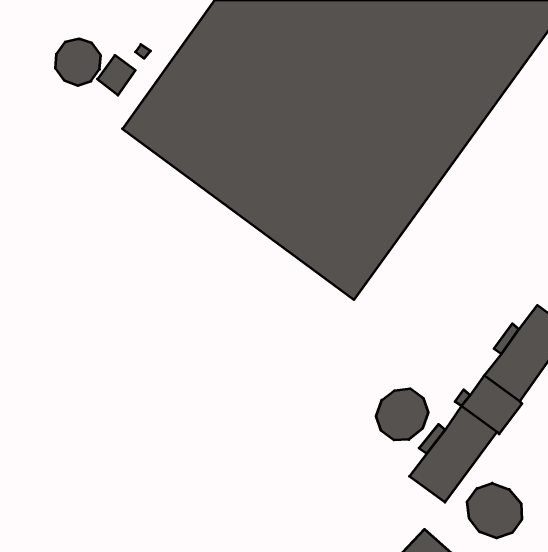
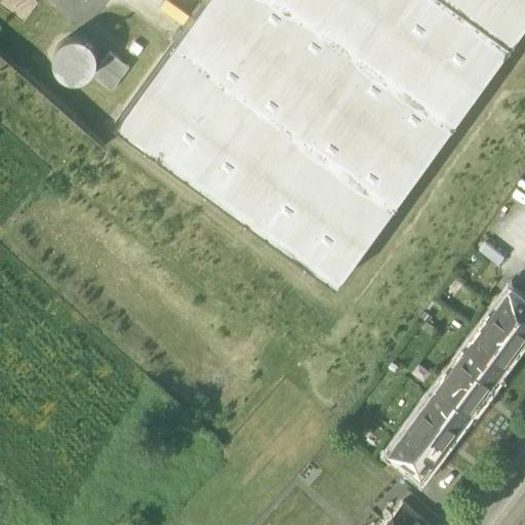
building: [376,389,428,440] -> none
building: [467,483,522,538] -> none

